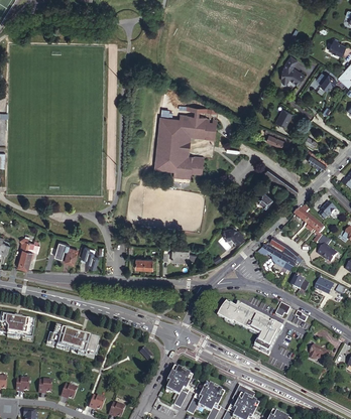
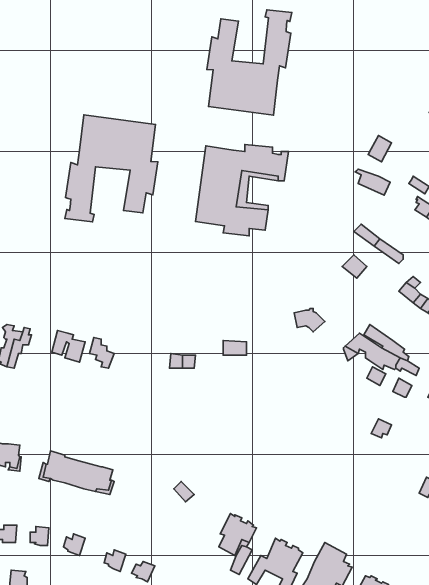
building: none -> [207,10,292,115]
building: [279,55,304,84] -> none
building: none -> [65,115,158,222]
building: [218,300,281,353] -> none

